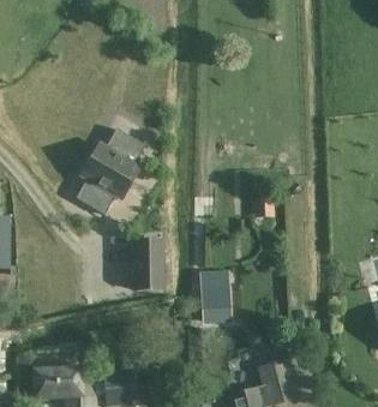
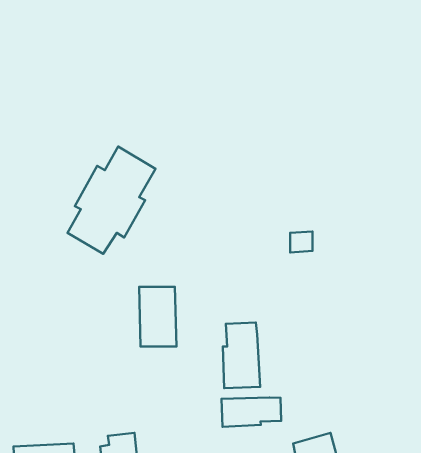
building: none -> [221,397,281,427]

